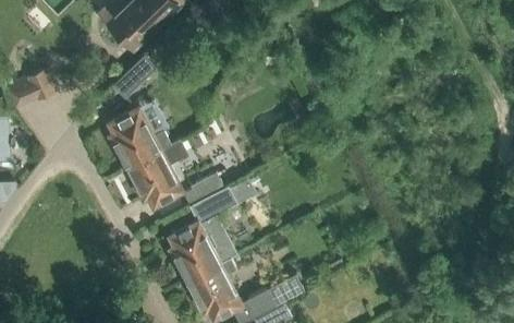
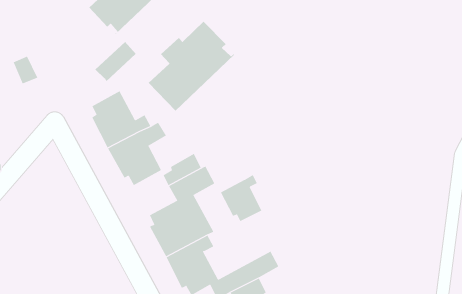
building: none -> [148,21,235,112]
building: none -> [220,174,262,222]

